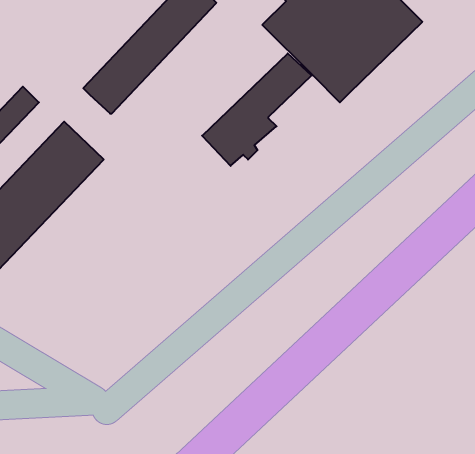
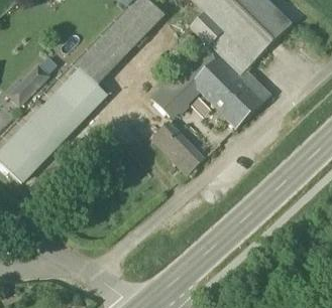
building: none -> [194,57,270,127]
building: none -> [64,69,106,111]
building: none -> [151,120,203,173]

